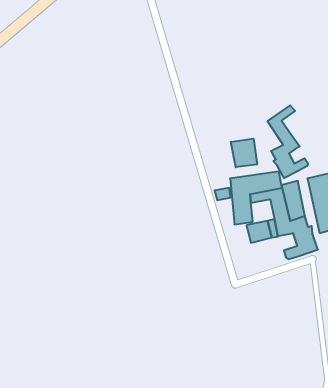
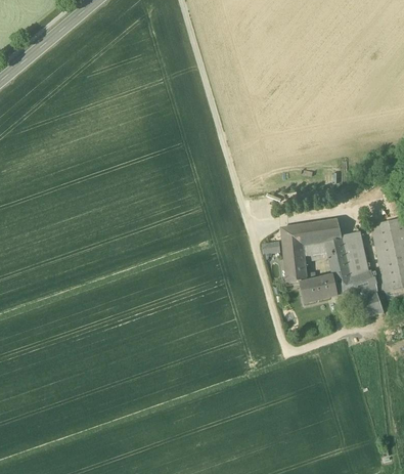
building: [268,105,308,178] -> none
building: [231,139,257,167] -> none

